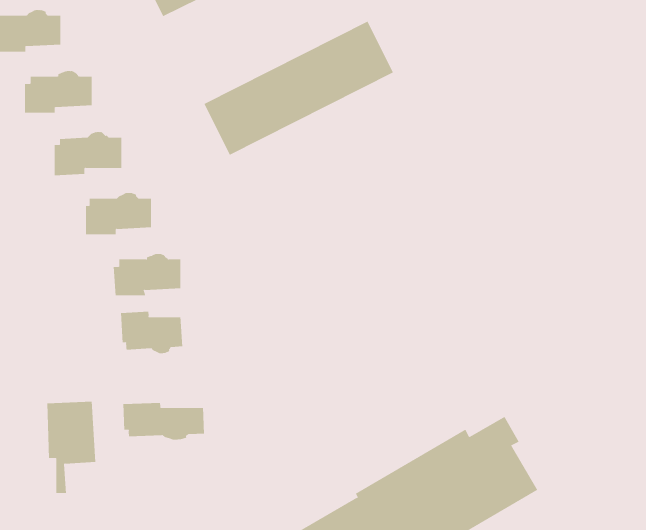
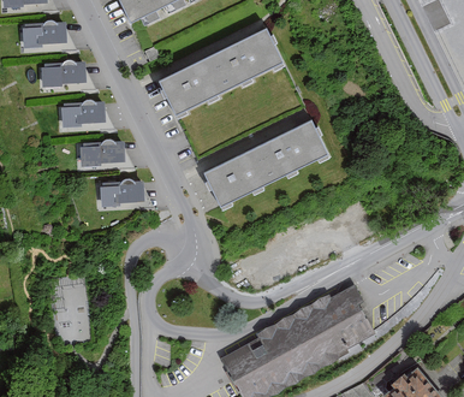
building: none -> [203,120,327,208]
building: [120,311,183,354] -> none
building: [123,402,204,440] -> none

